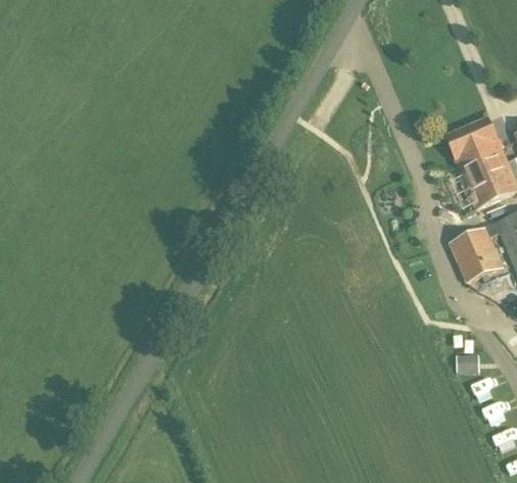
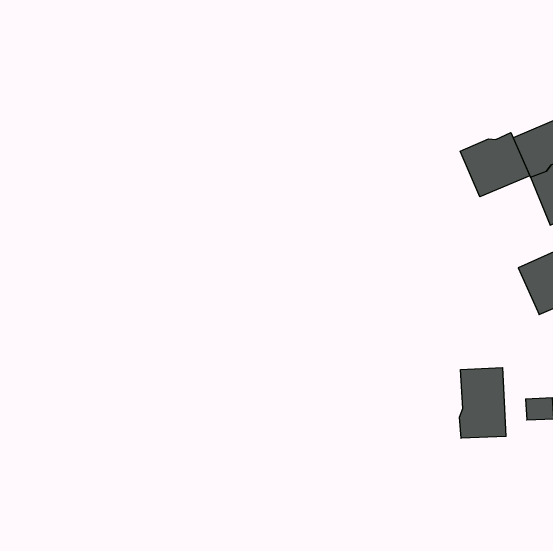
building: none -> [460,133,530,197]
building: none -> [459,368,506,438]

